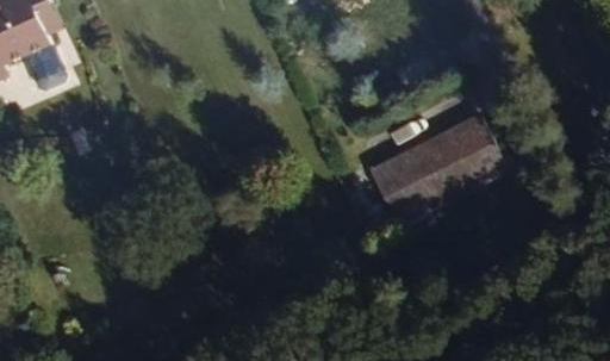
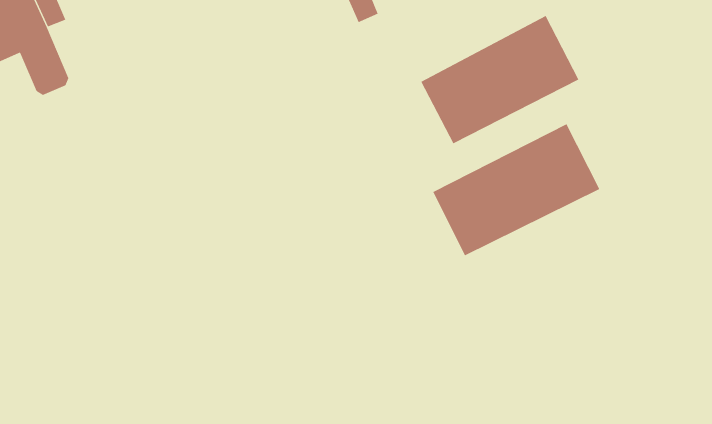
building: none -> [421,15,579,144]

